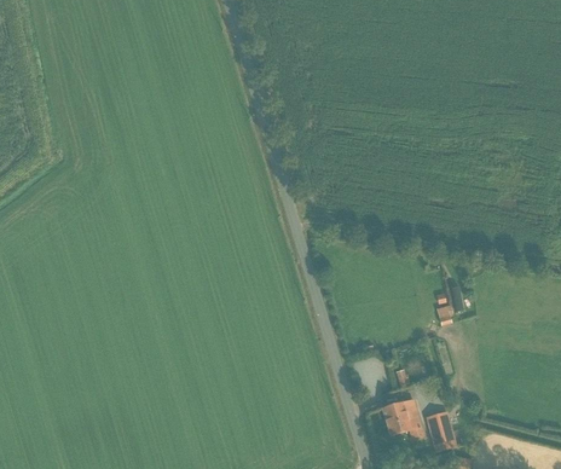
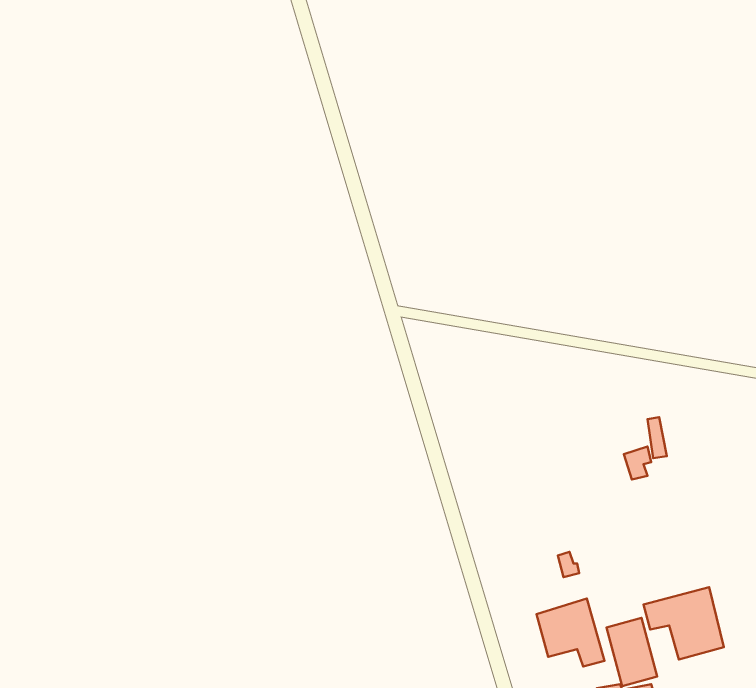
building: none -> [643,587,724,659]

